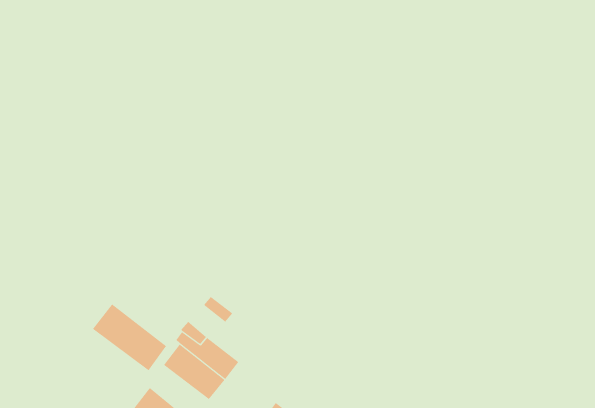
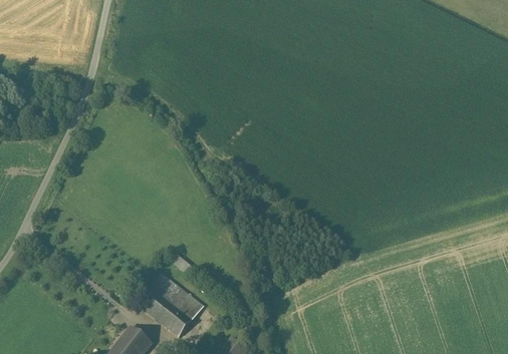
building: [92,303,167,371] -> none

